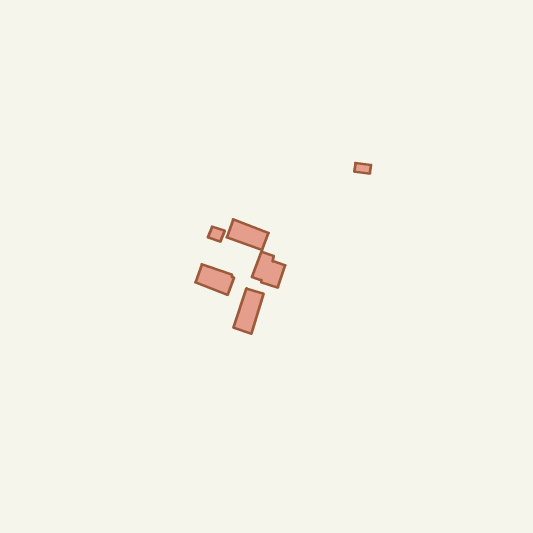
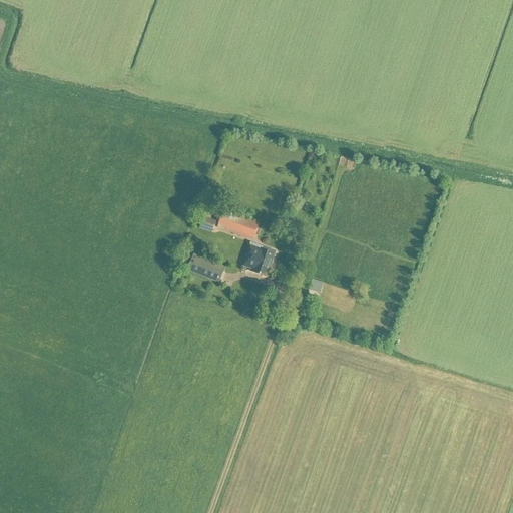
building: [234,288,263,334] -> none

